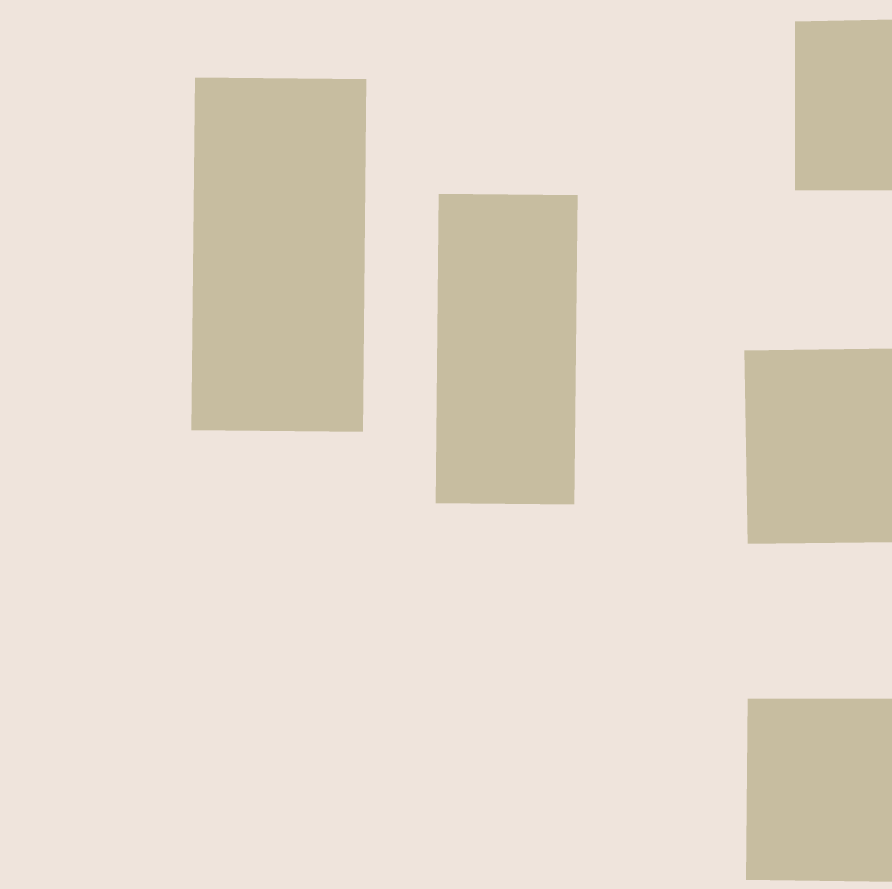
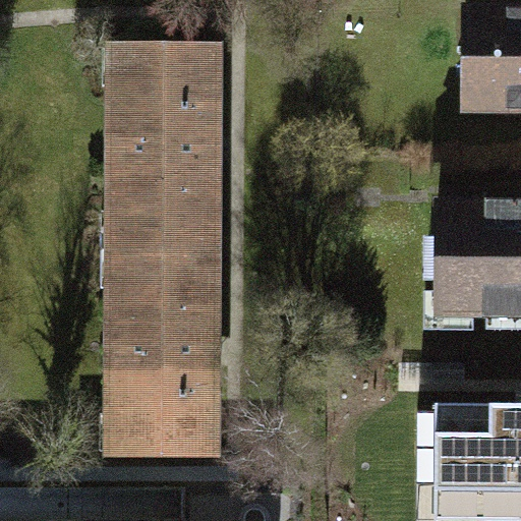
building: [435,193,578,505] -> none
building: none -> [110,253,213,456]

